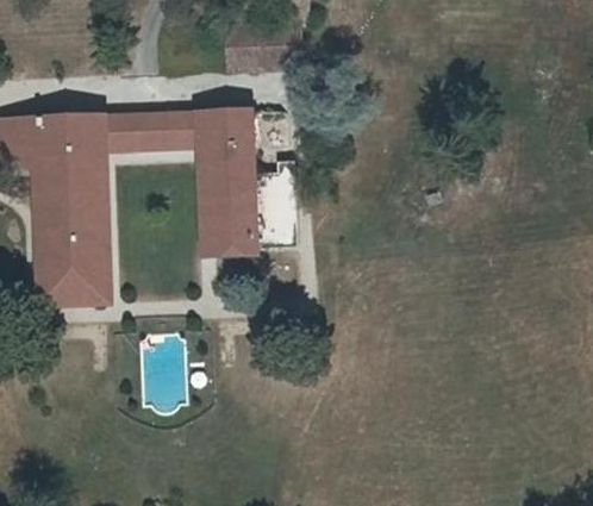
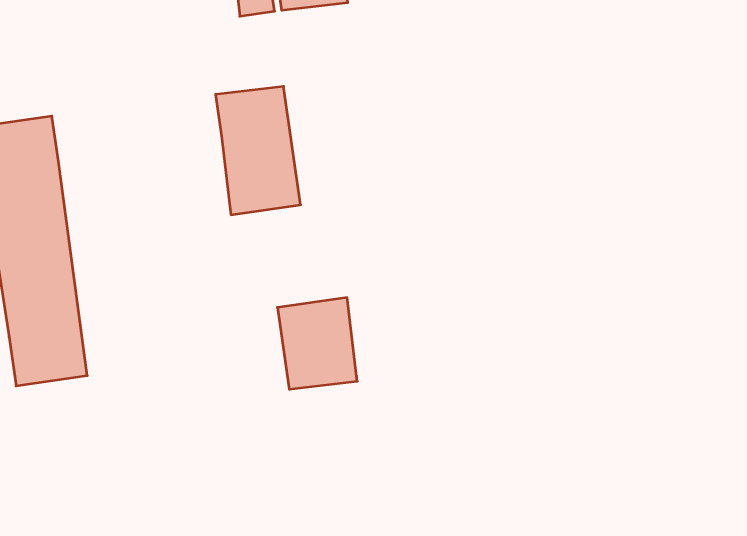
building: [98,114,210,145] -> none
building: [208,198,256,255] -> [277,298,357,389]

